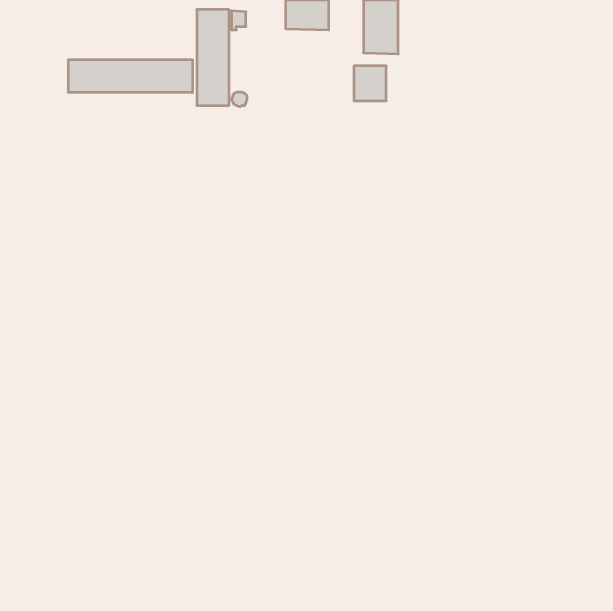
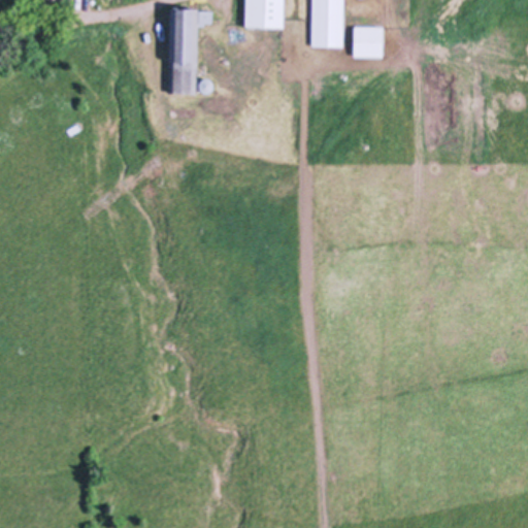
building: [69,60,192,93] -> none
building: [354,66,386,101] -> [355,28,383,58]

